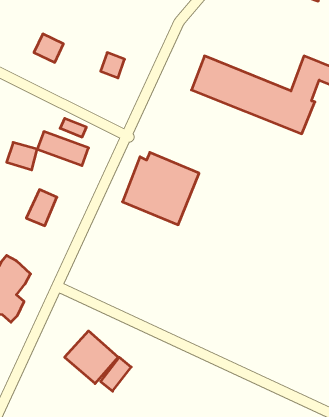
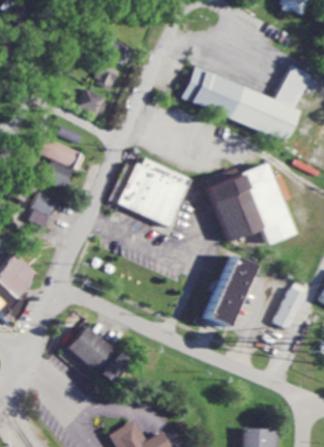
building: [34,34,63,62] -> [78,88,106,115]
building: [7,142,37,170] -> [42,161,71,187]
building: none -> [208,162,293,243]
building: none -> [205,255,253,326]
building: none -> [275,288,304,329]

